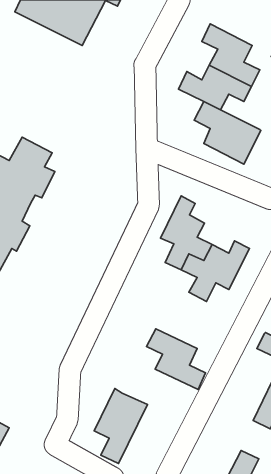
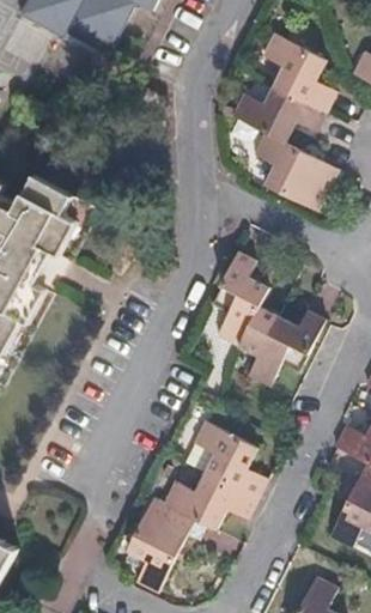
building: none -> [160,473,257,530]

